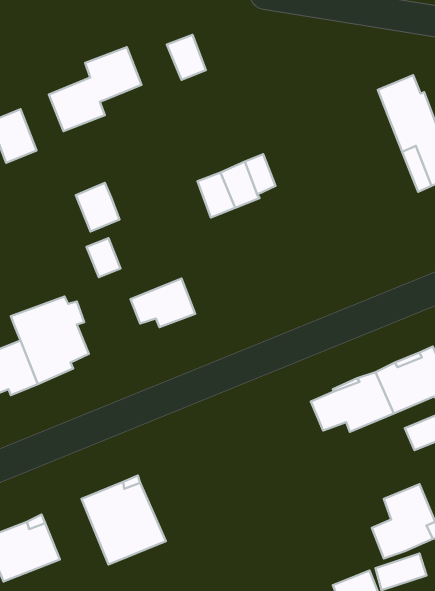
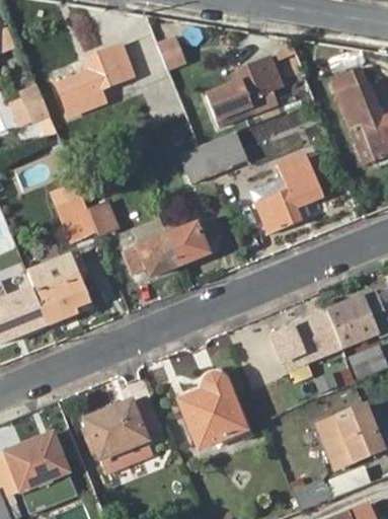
building: none -> [206,55,281,126]
building: none -> [249,152,323,233]
building: [76,183,120,232] -> [58,197,94,237]
building: none -> [166,217,218,265]
building: none -> [178,372,244,445]

